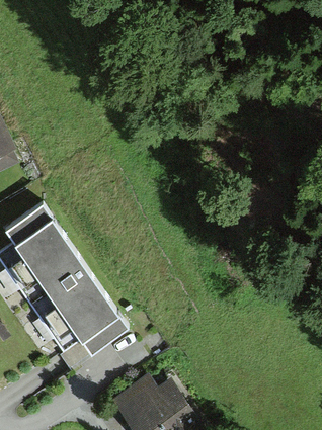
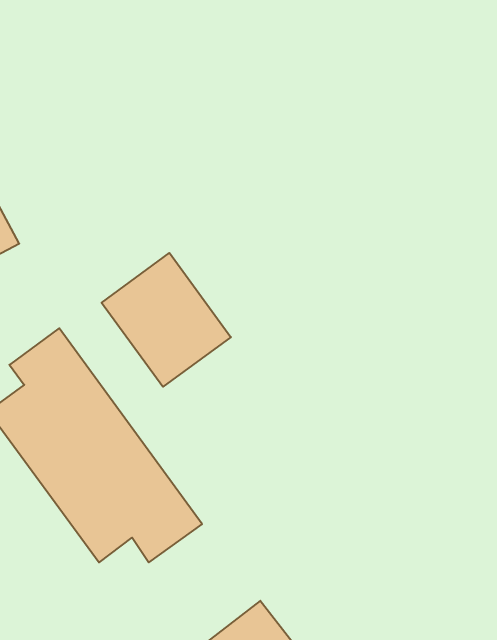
building: none -> [102,253,231,387]

